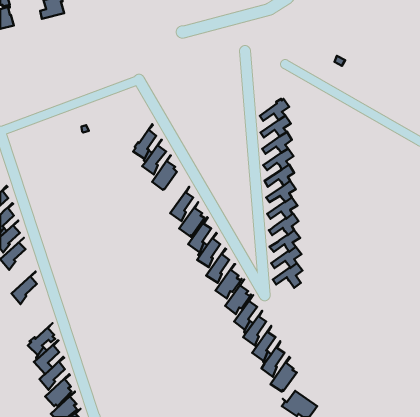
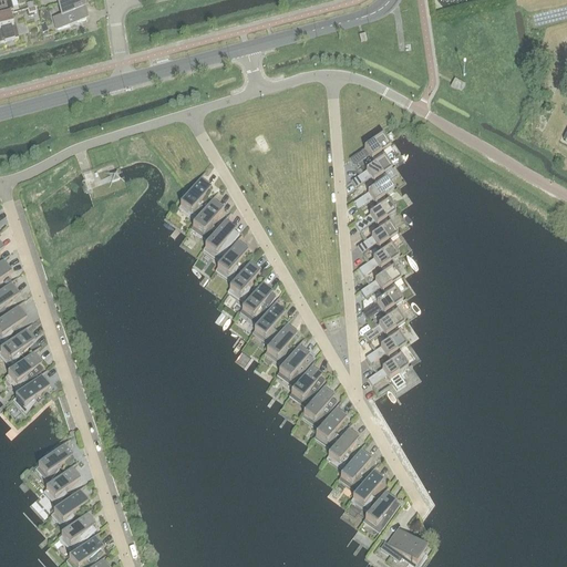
building: none -> [217,230,248,277]
building: none -> [8,343,43,386]

